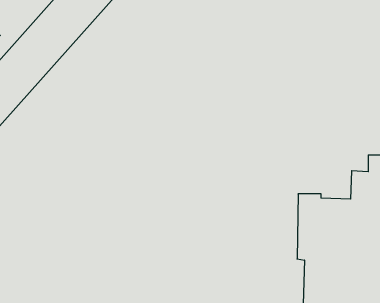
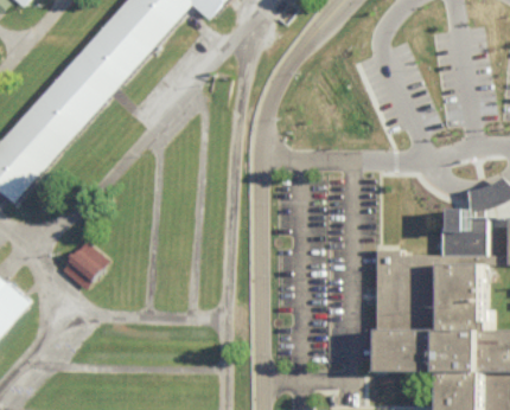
building: none -> [60,242,107,289]

